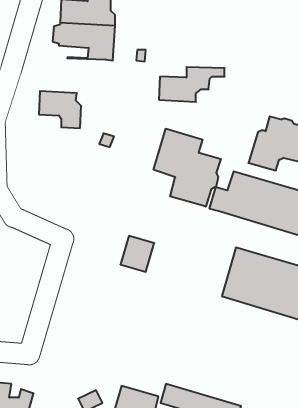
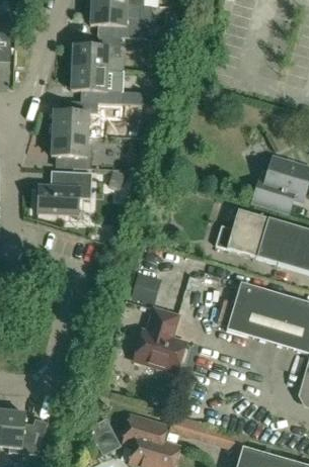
building: [159,67,225,102] -> [53,100,115,133]
building: [154,129,221,207] -> none
building: none -> [37,170,92,212]
building: none -> [134,307,185,371]

